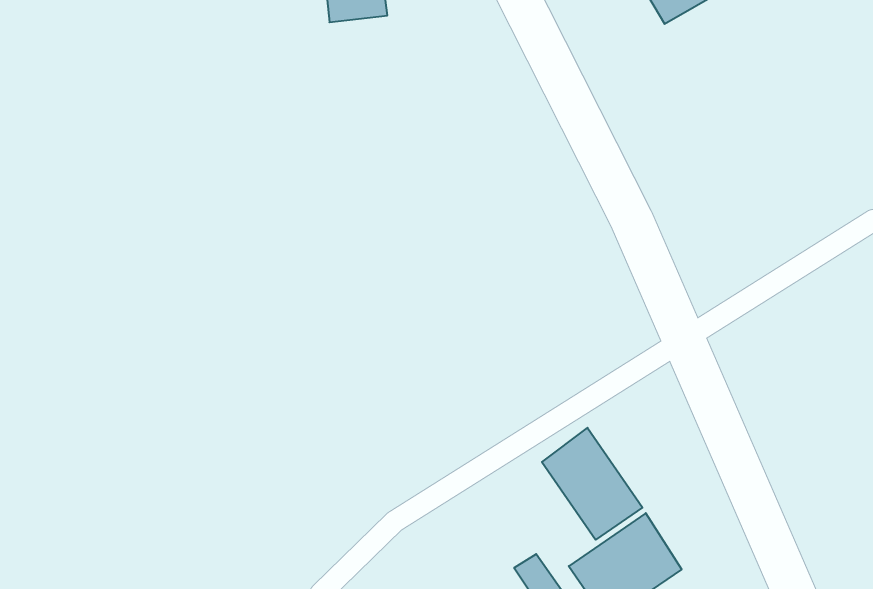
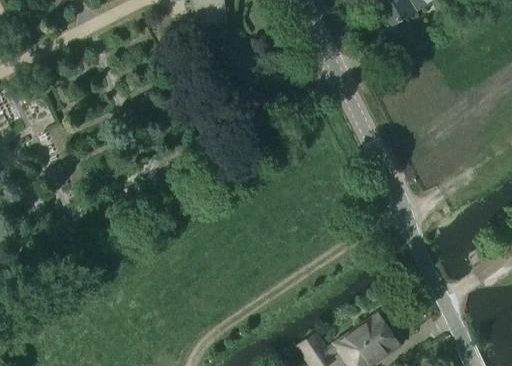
building: [542,428,642,540] -> none

